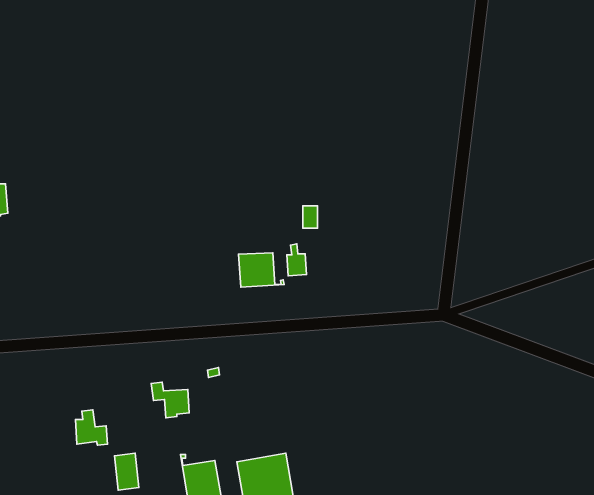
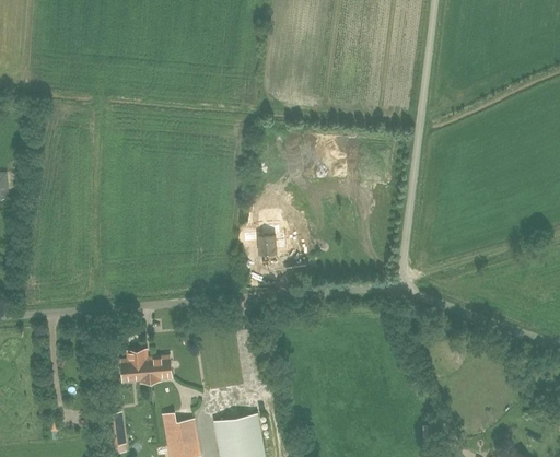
building: [238,253,284,287] -> none
building: [76,410,107,445] -> [121,352,150,384]

